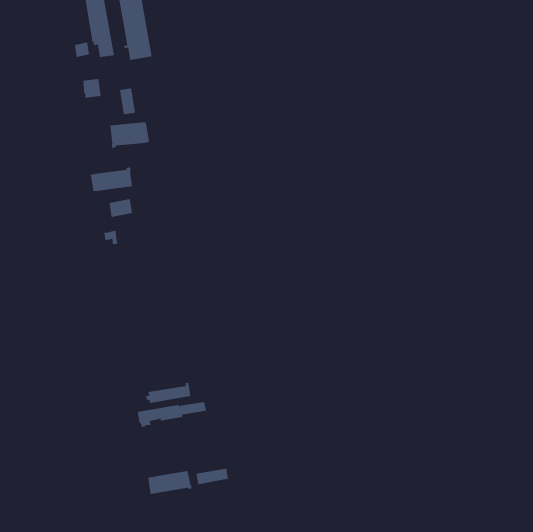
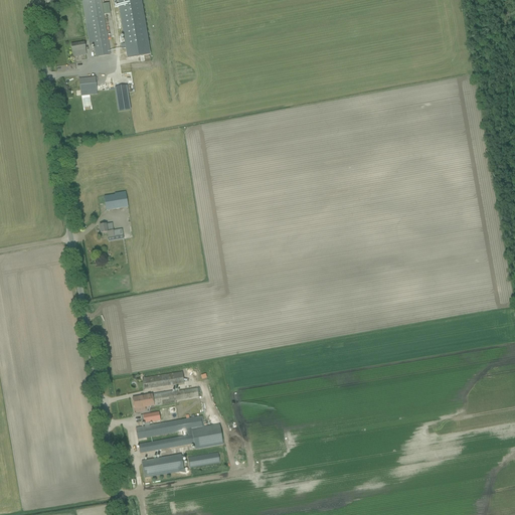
building: [110,121,150,149] -> none
building: [90,166,132,192] -> none
building: none -> [137,409,224,452]

